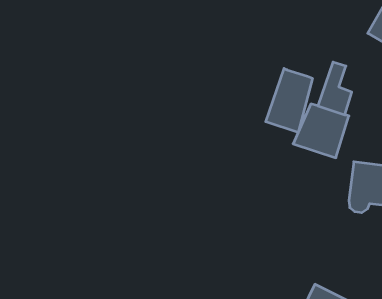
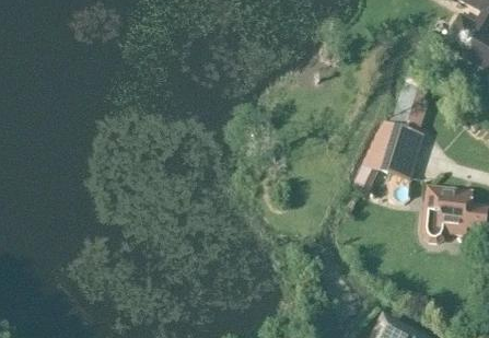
building: [266,68,312,133] -> none

